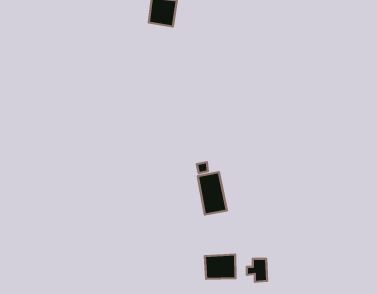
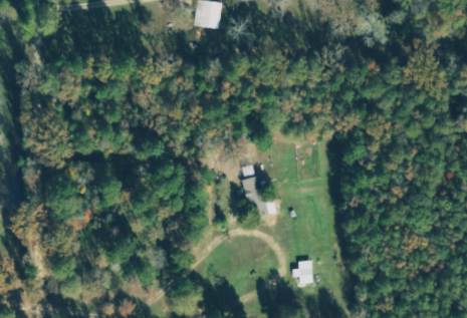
building: [205,255,235,279] -> none

